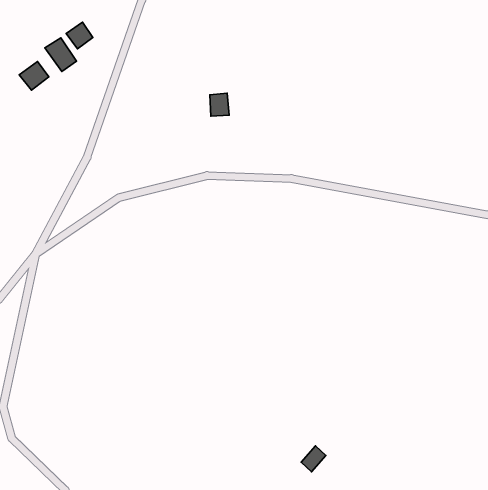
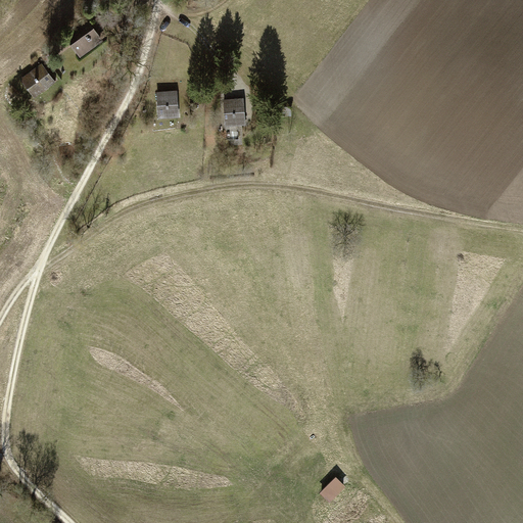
building: [45,38,77,72] -> none
building: none -> [156,92,177,115]

